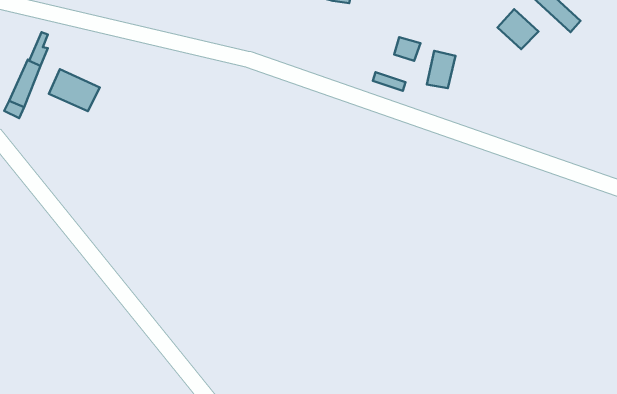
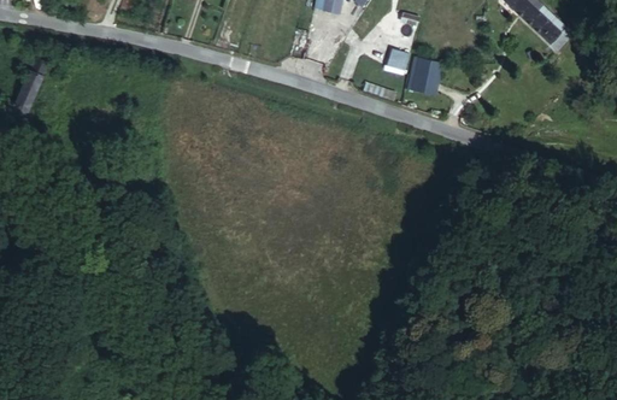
building: [497,9,538,49] -> none
building: [49,69,100,111] -> none

